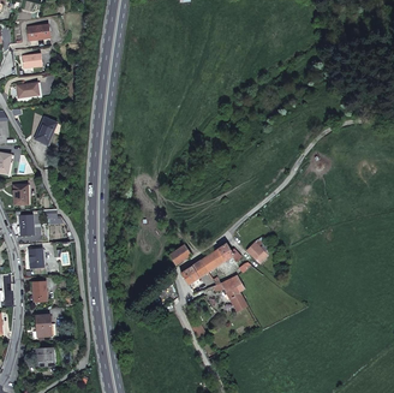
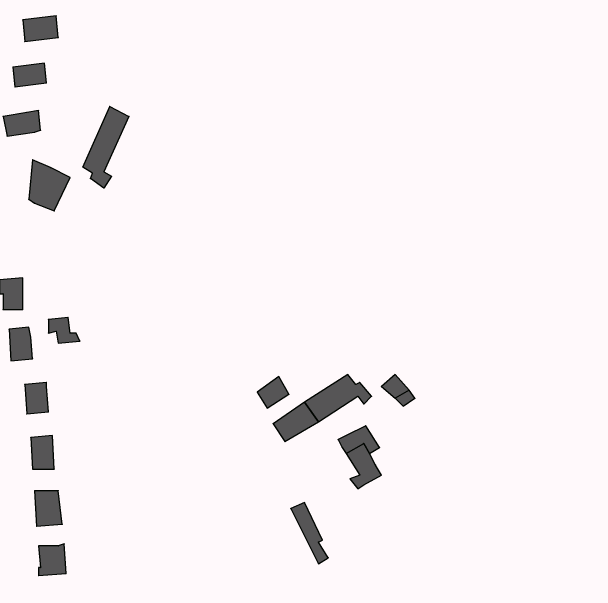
building: none -> [83,106,129,188]

